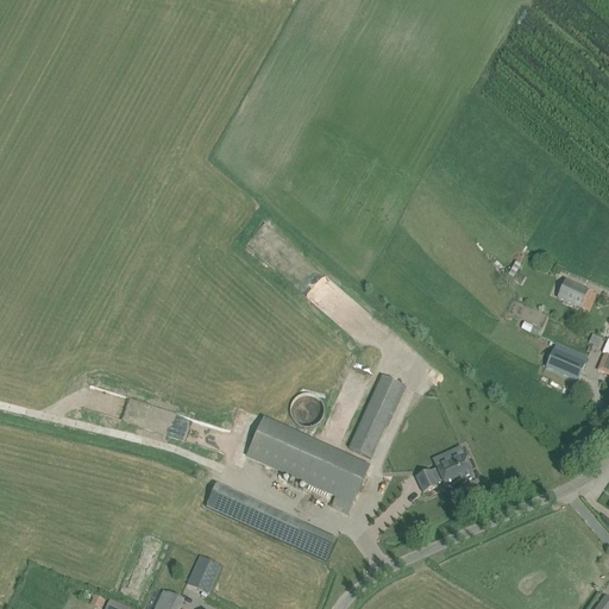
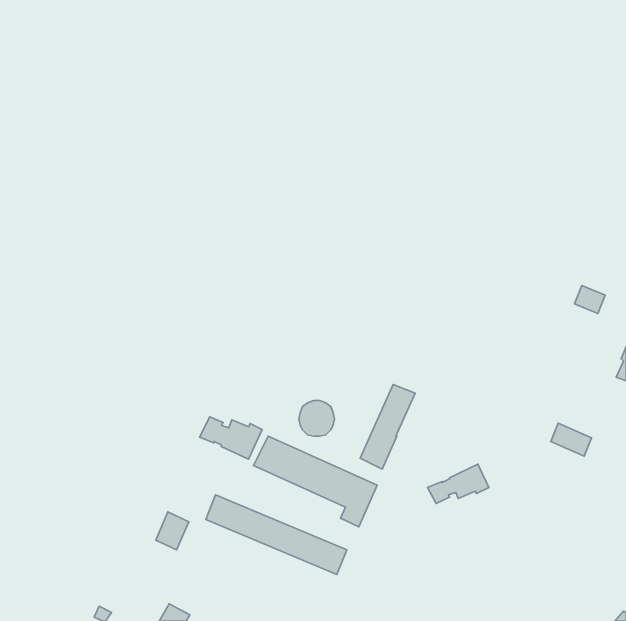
building: [546,346,585,378] -> [551,423,591,456]
building: none -> [199,417,262,459]
building: [188,553,220,590] -> [156,512,189,550]

